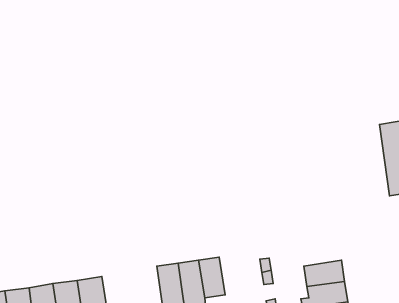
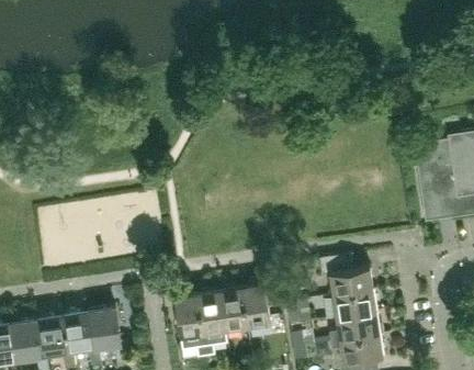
building: none -> [319,254,373,296]
building: none -> [241,283,271,327]

